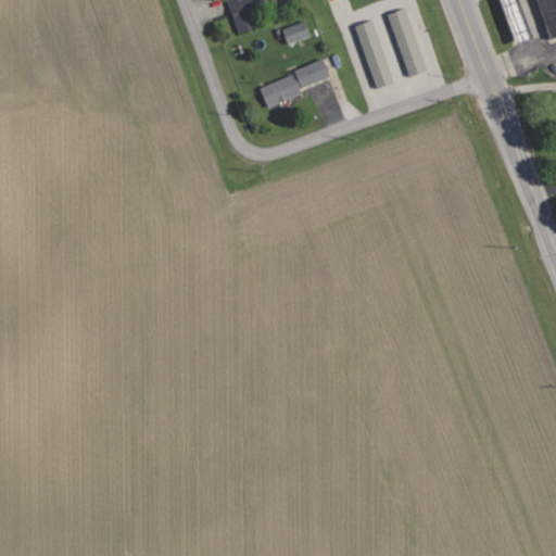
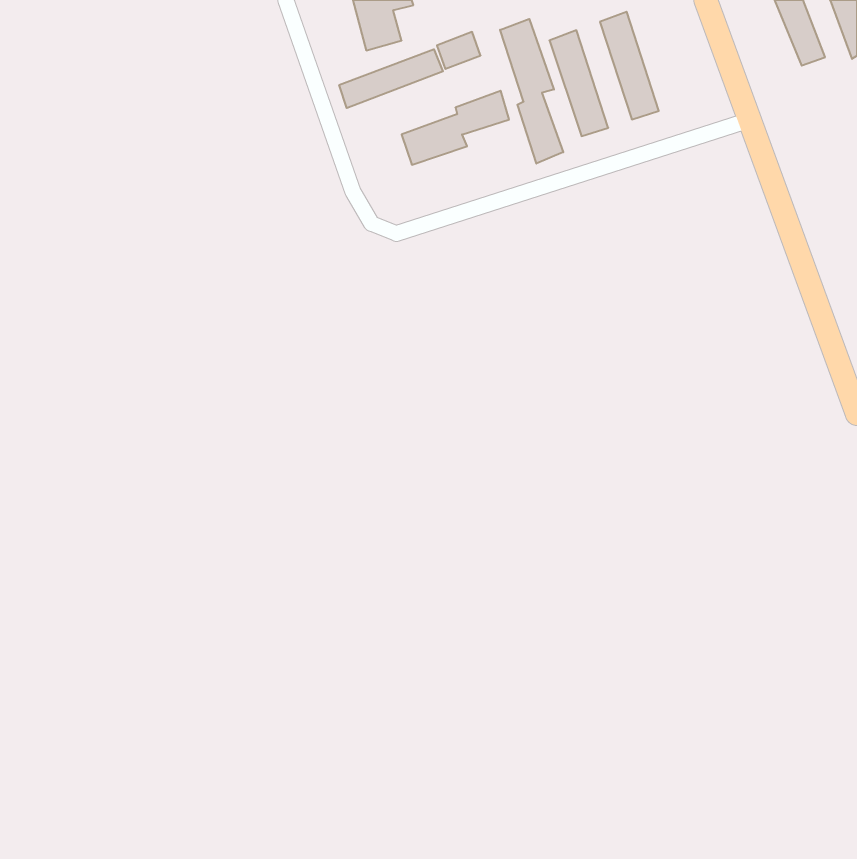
building: none -> [500,19,563,164]
building: none -> [339,49,443,108]

